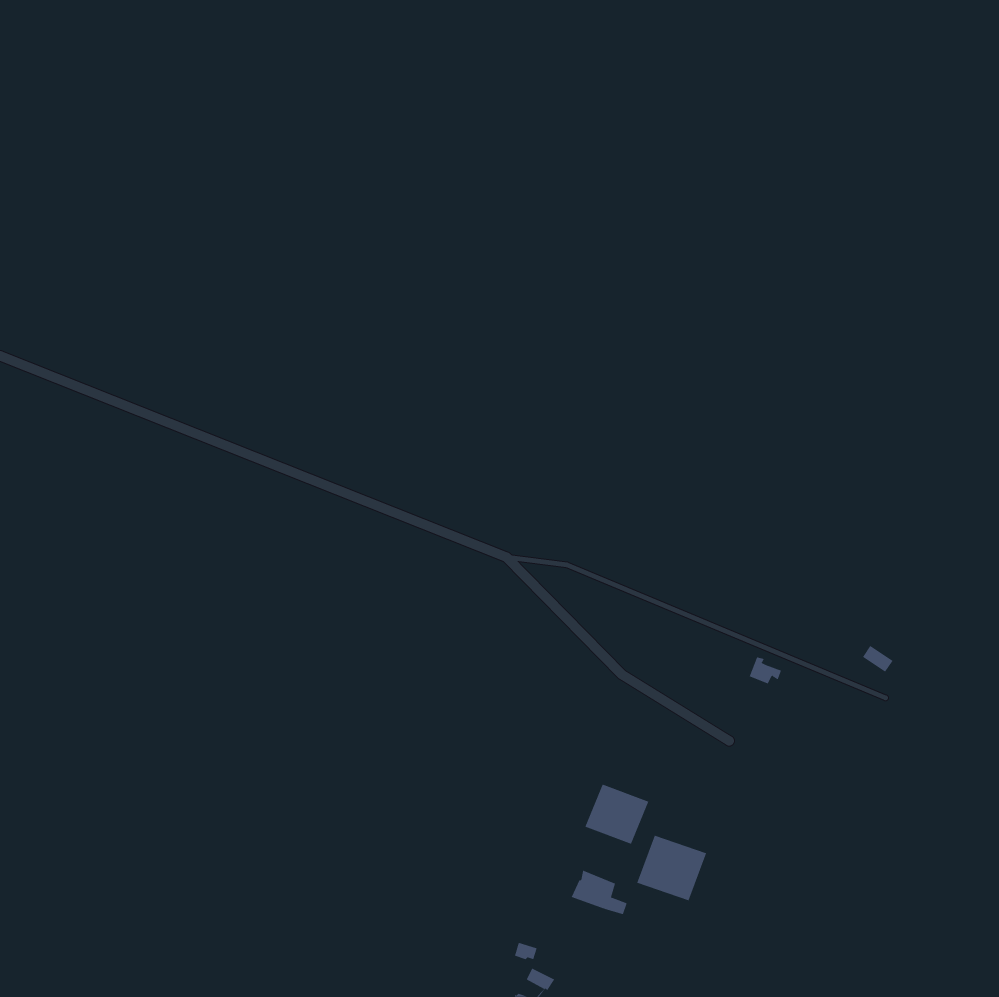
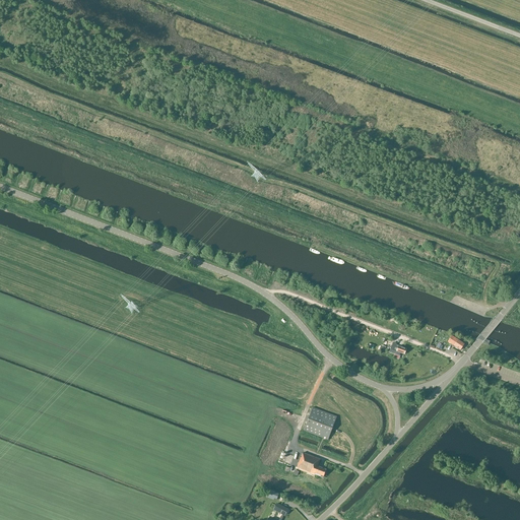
building: [636,835,707,901] -> none

